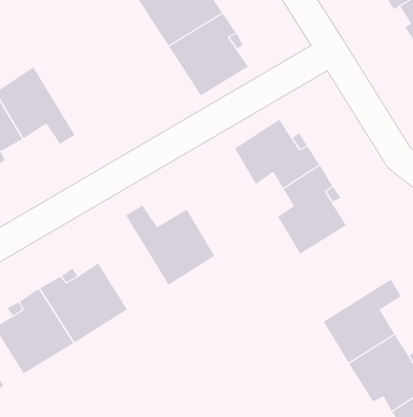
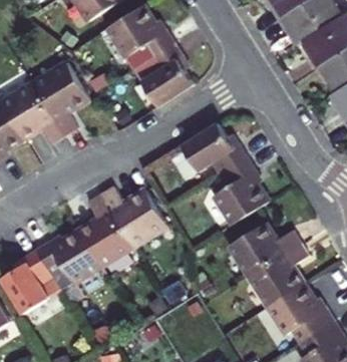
building: none -> [31,61,89,134]
building: none -> [79,195,131,265]
building: none -> [228,222,298,274]

